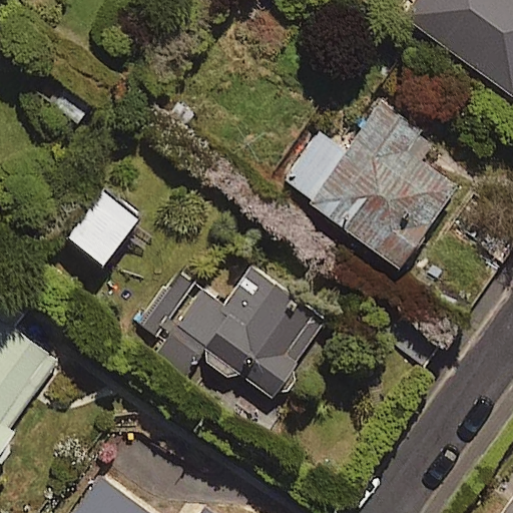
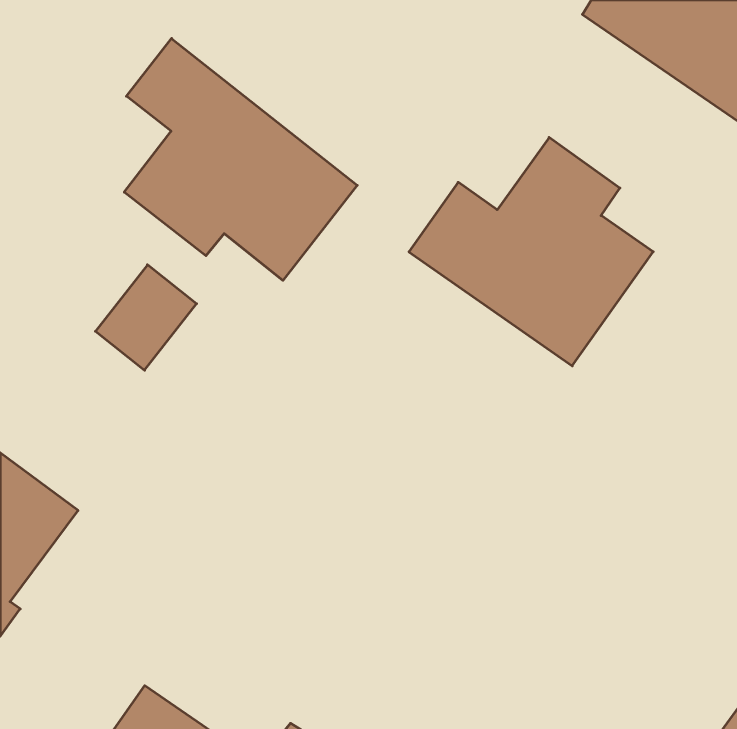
building: none -> [124,38,357,280]
building: [136,273,324,400] -> none

